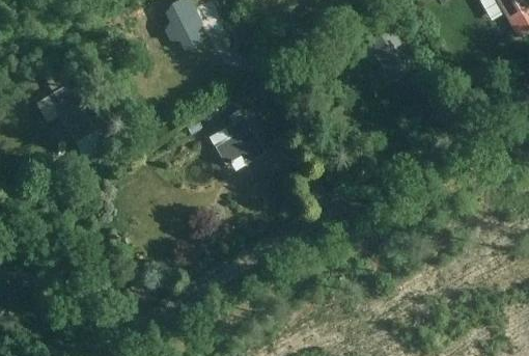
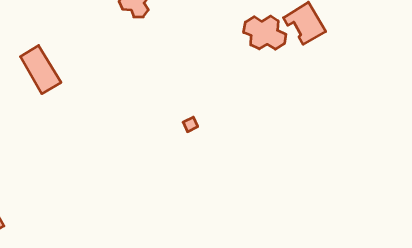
building: none -> [244,16,286,49]
building: [208,116,267,163] -> none

